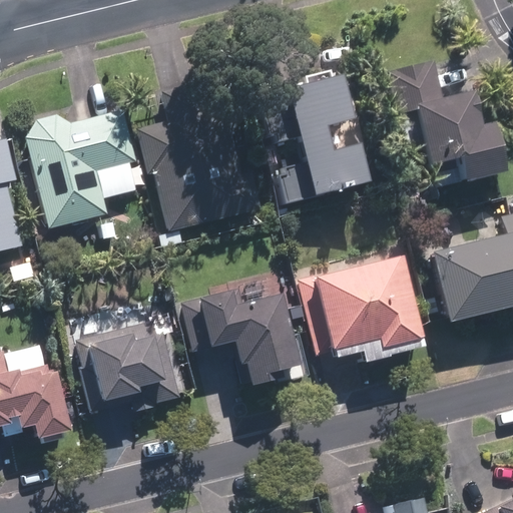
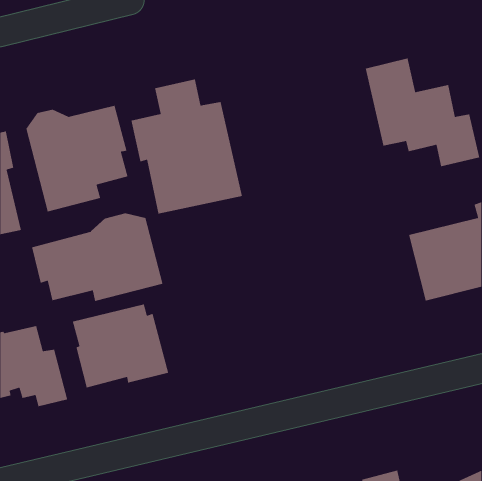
building: [259,73,371,200] -> none
building: none -> [31,212,164,302]
building: [297,255,425,358] -> none
building: [182,291,300,384] -> none

